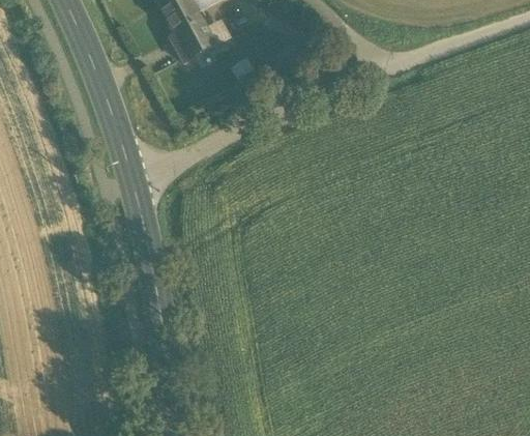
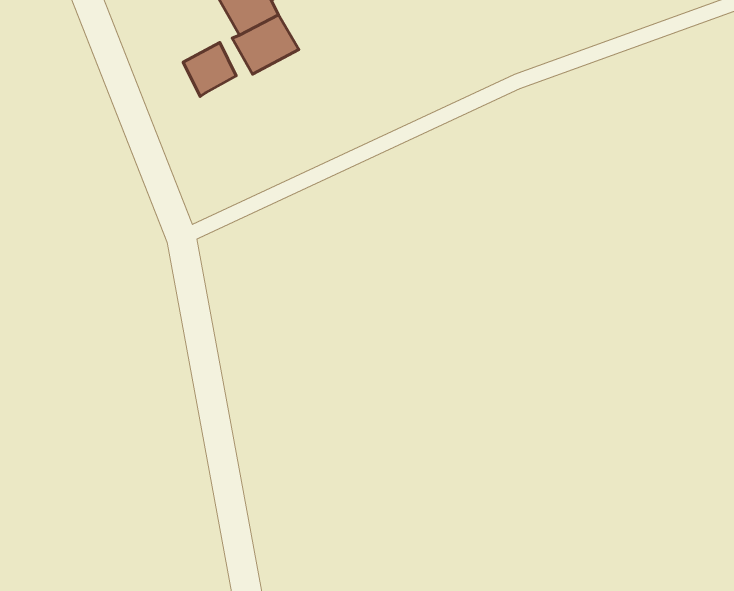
building: none -> [183,43,236,96]

